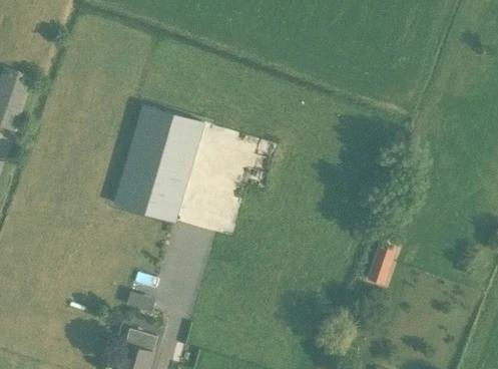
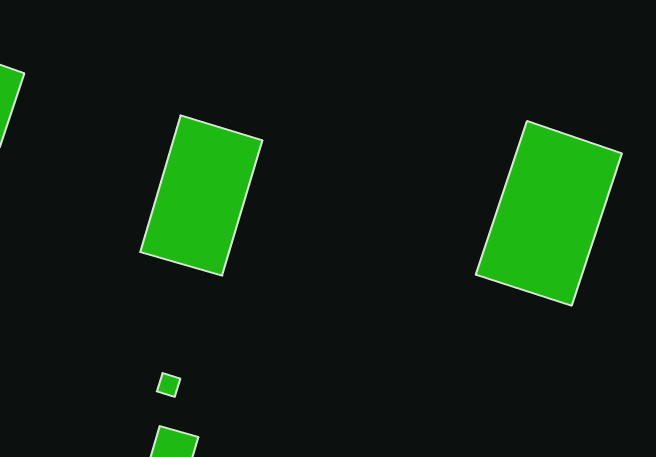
building: none -> [476,121,622,306]
building: [366,243,397,285] -> none

